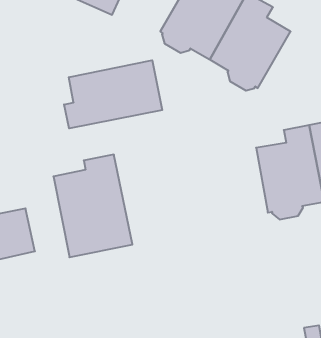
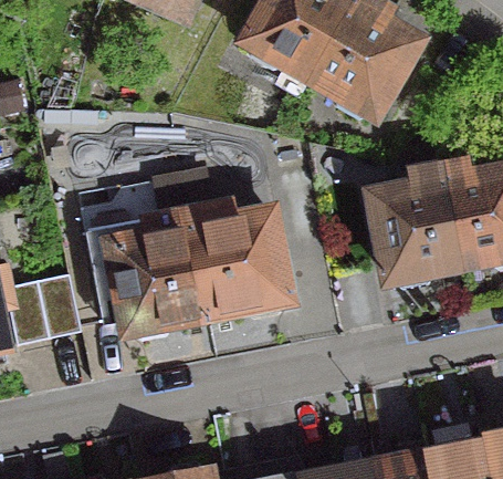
building: [64,60,162,128] -> none
building: none -> [180,195,300,324]

